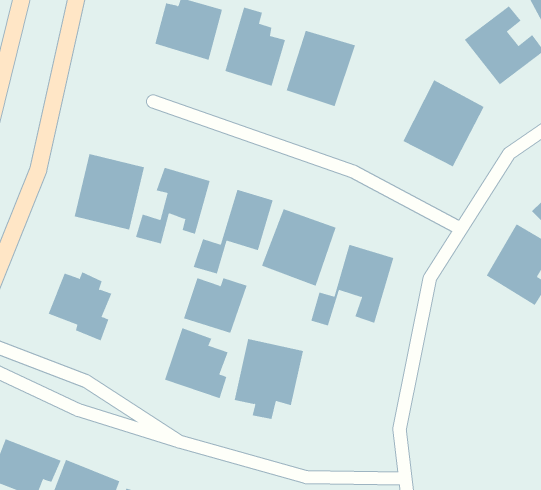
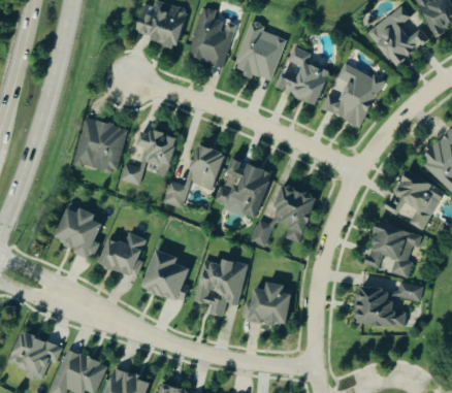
building: none -> [276,47,329,104]
building: [183,277,247,334] -> [98,234,147,276]
building: none -> [364,224,419,279]
building: none -> [243,281,291,325]
building: none -> [354,287,406,328]

